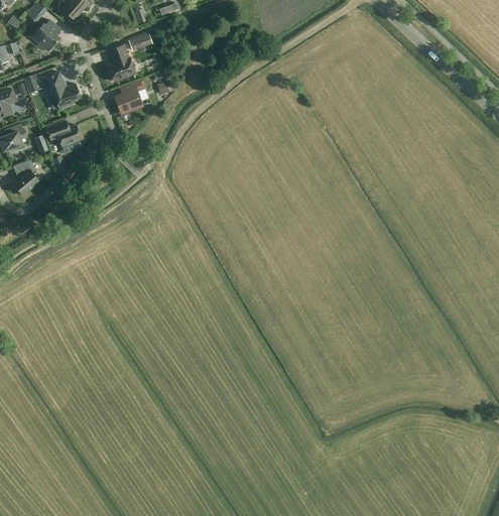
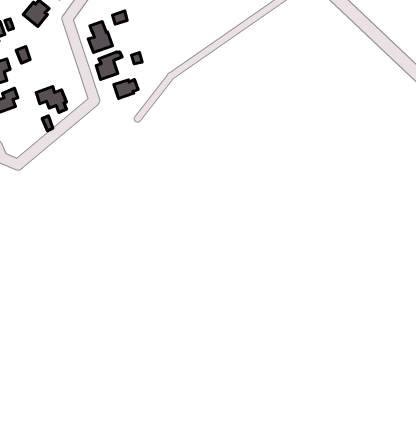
building: [41,72,80,109] -> none
building: none -> [114,80,138,99]
building: [12,159,38,196] -> none

